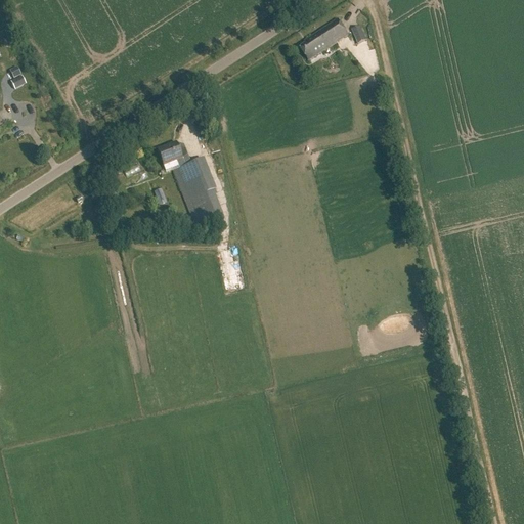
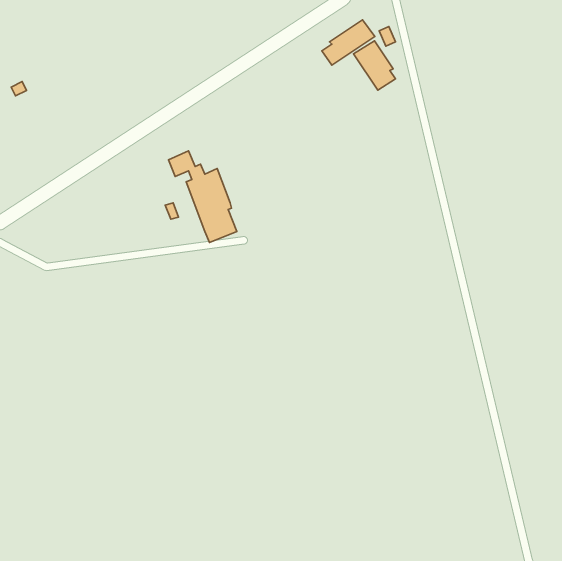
building: none -> [353,41,395,90]

